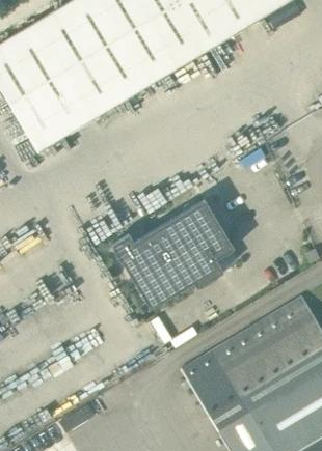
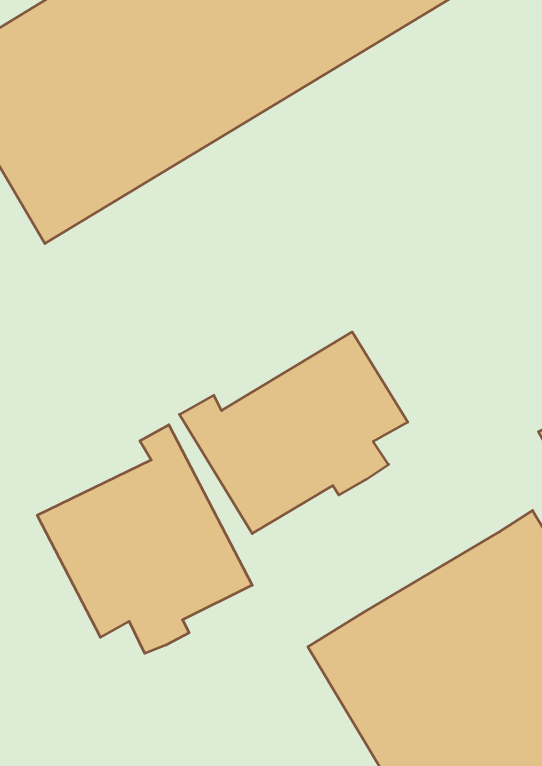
building: none -> [37,425,252,653]

